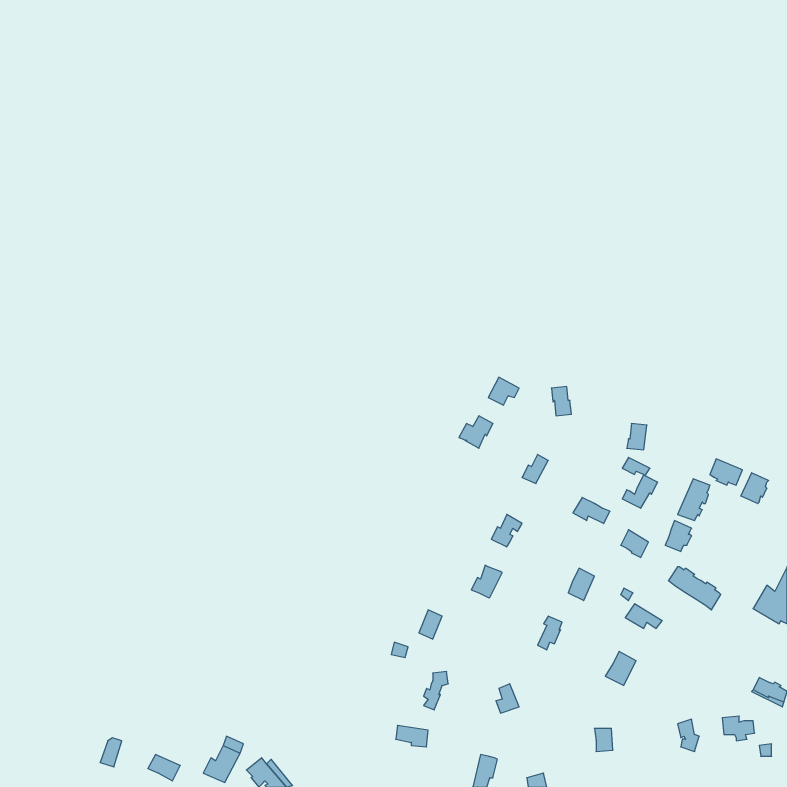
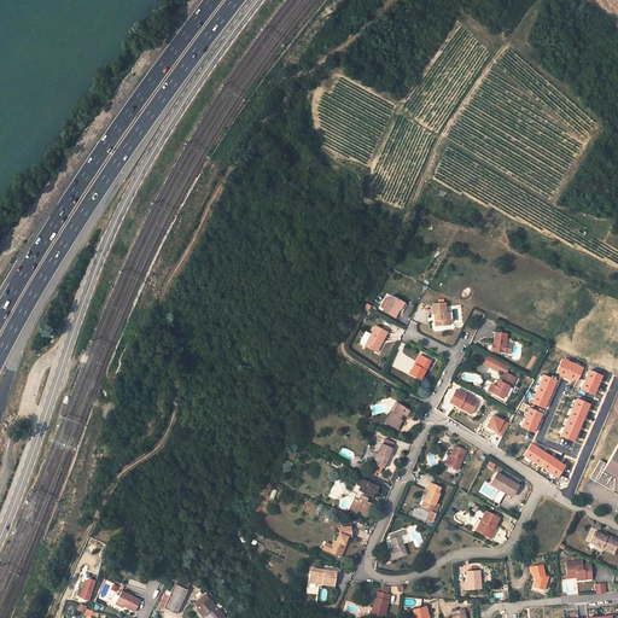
building: none -> [560,400,590,442]
building: none -> [349,478,379,517]

